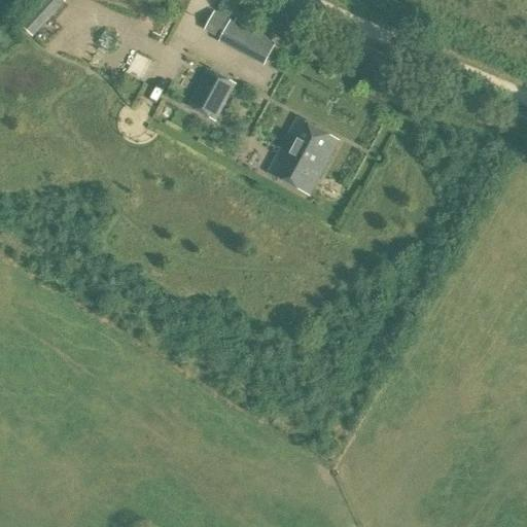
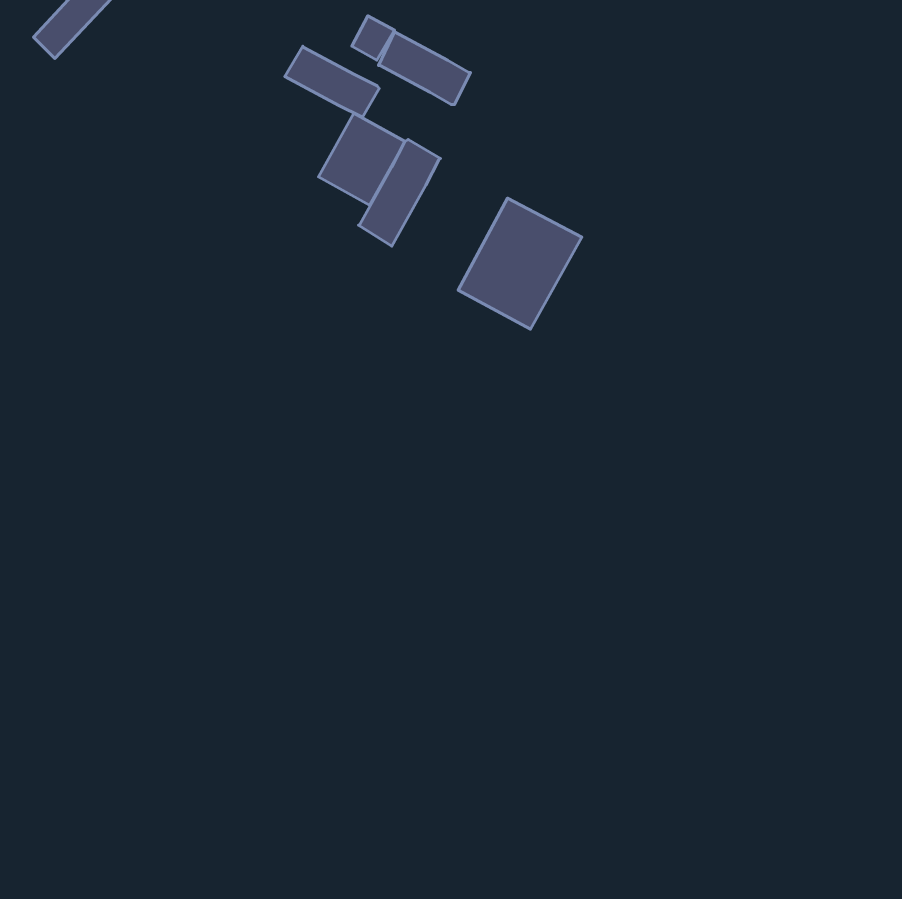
building: none -> [285,46,379,118]
building: none -> [359,139,440,246]

